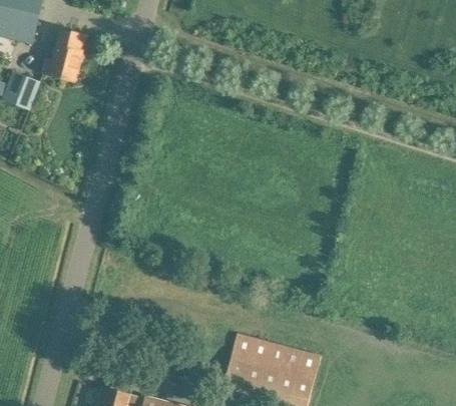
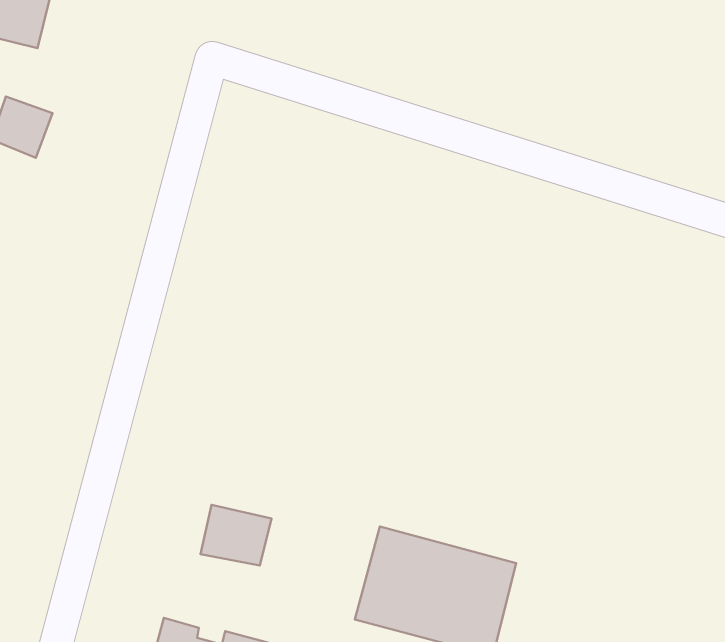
building: [42,27,85,81] -> none
building: none -> [201,505,271,565]

